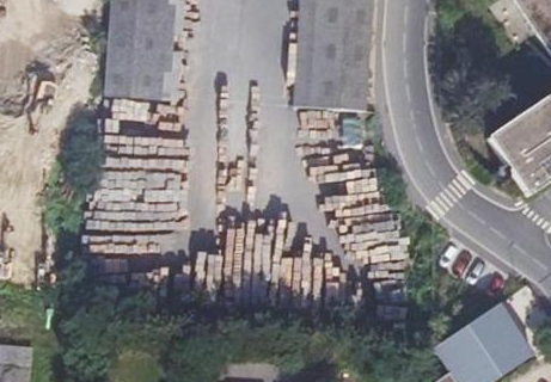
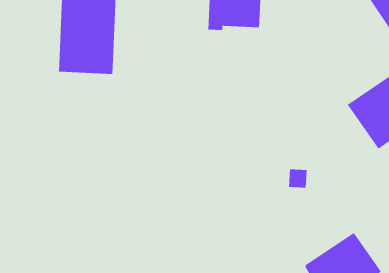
building: [299,35,372,109] -> none

